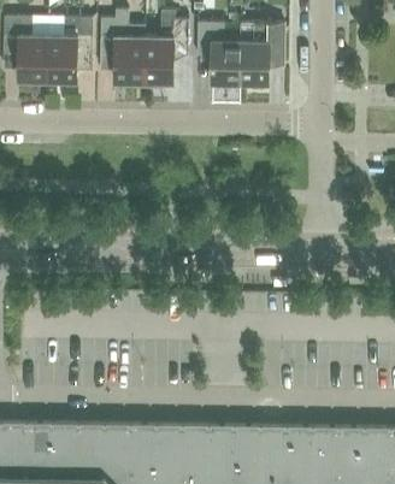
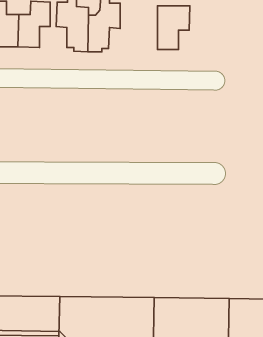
building: [196,23,240,84] -> none

